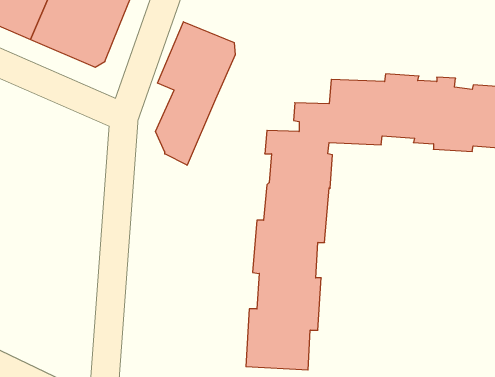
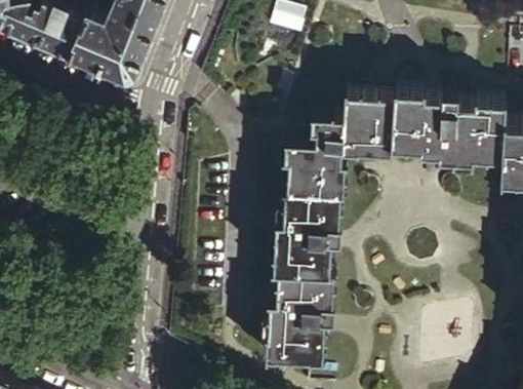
building: [156,22,235,165] -> none

